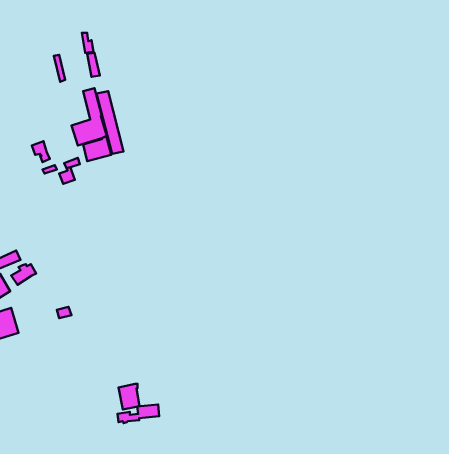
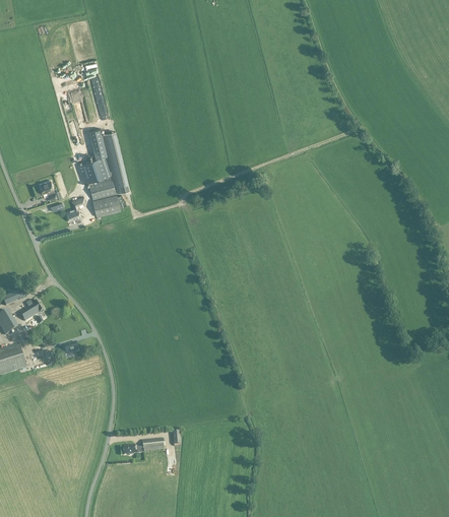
building: none -> [90,194,119,216]
building: [119,384,140,410] -> none

